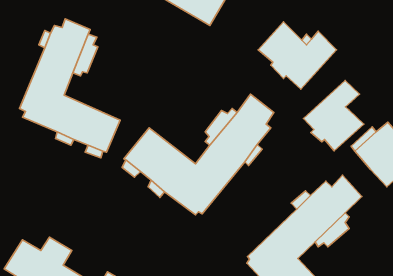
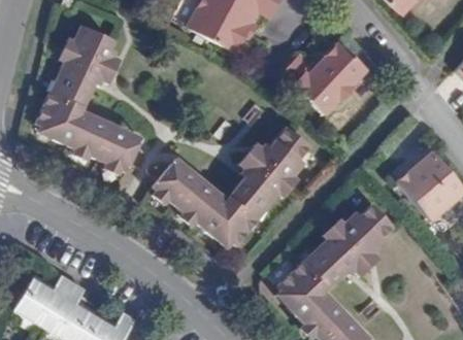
building: [303,80,364,151] -> none

